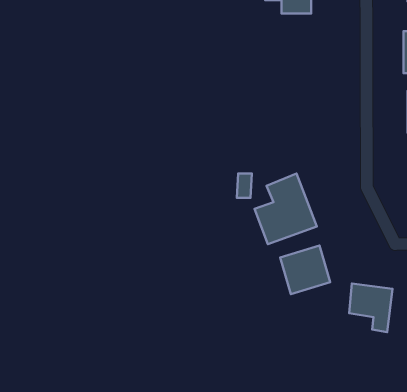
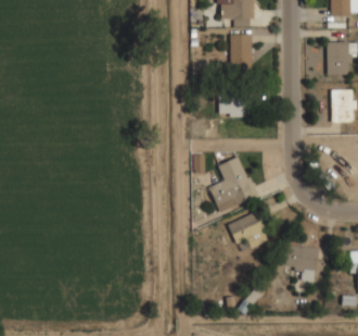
building: none -> [231,33,253,66]
building: none -> [219,97,250,116]

